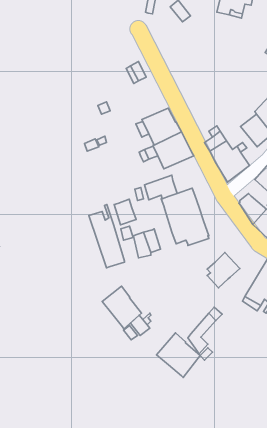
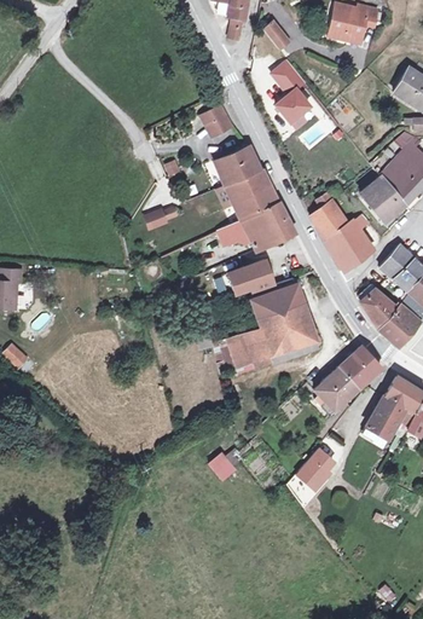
building: none -> [271,60,309,121]
building: none -> [215,145,261,184]
building: [114,199,136,225] -> [242,326,272,361]
building: [89,204,124,268] -> none
building: none -> [338,347,381,388]
building: [102,286,141,329] -> none
building: [157,333,200,378] -> none

